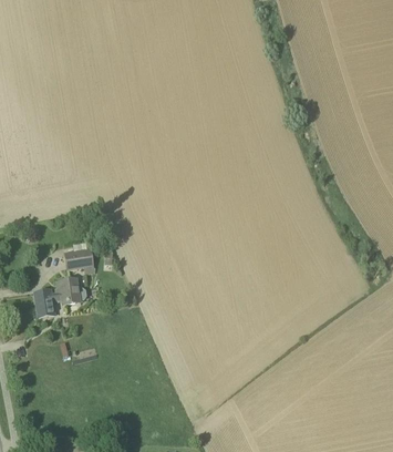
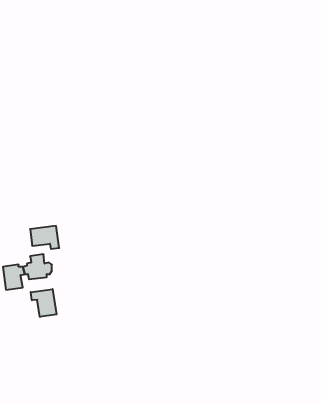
building: none -> [31,289,57,317]

